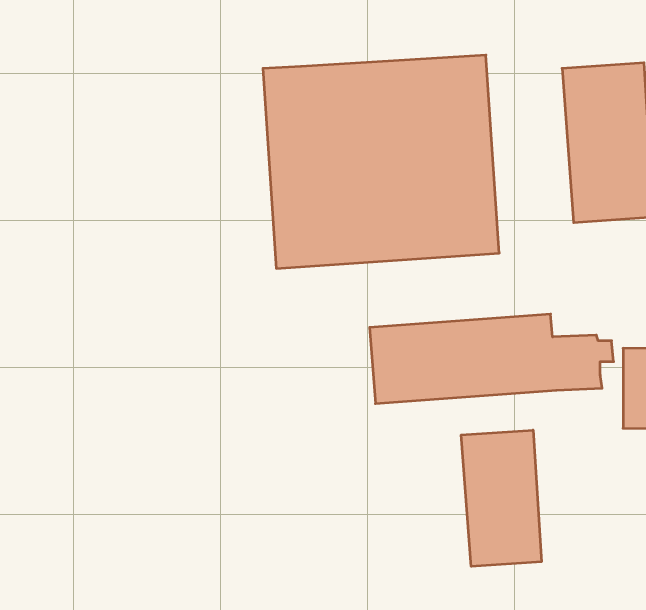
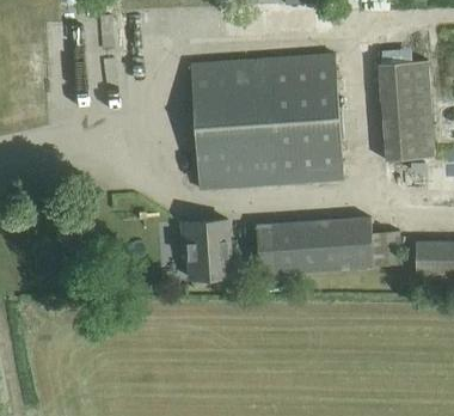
building: none -> [182,220,231,279]
building: [461,430,541,566] -> none

